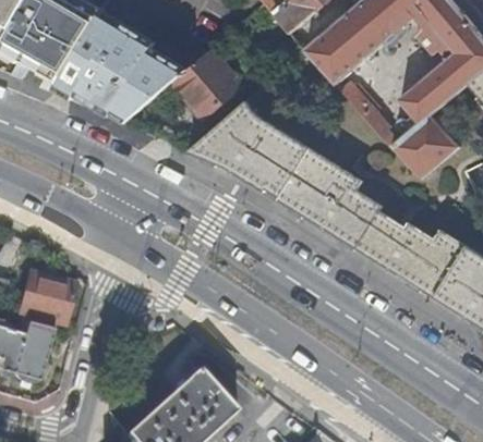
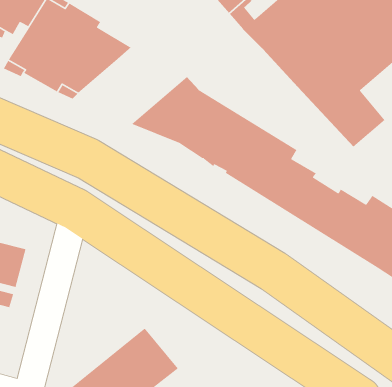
building: [169,47,243,120] -> none

